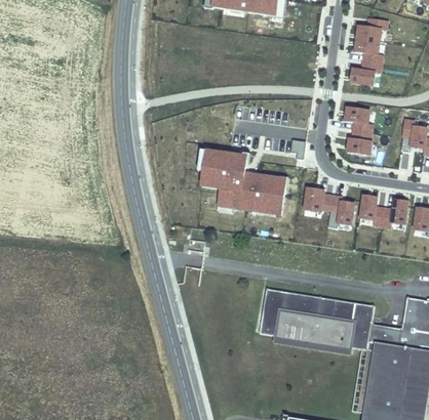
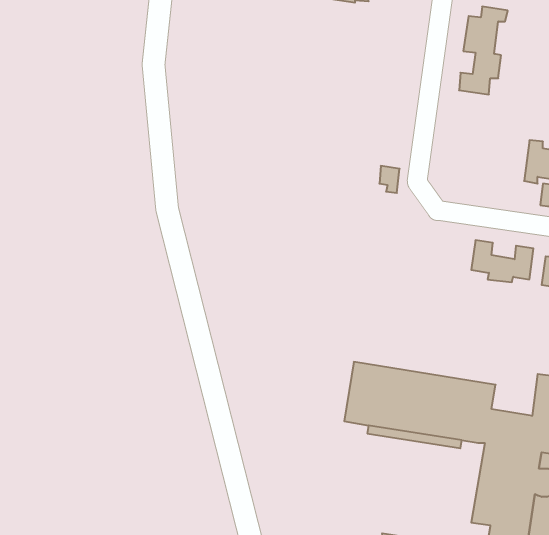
building: [344,107,373,155] -> none
building: [202,150,288,216] -> none
building: [303,186,354,227] -> none

